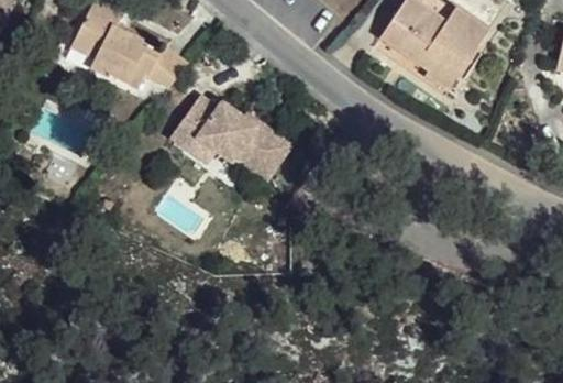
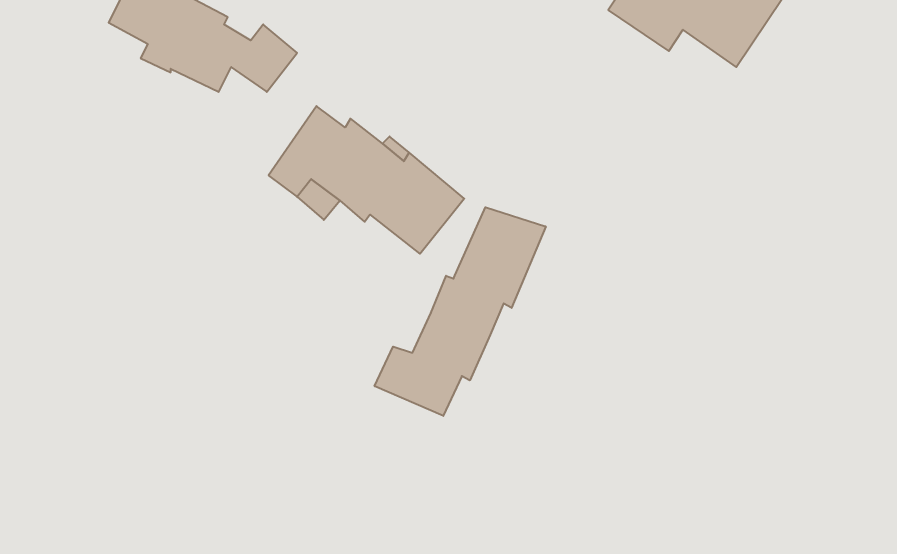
building: [413,47,460,89] -> none
building: none -> [375,207,546,416]

